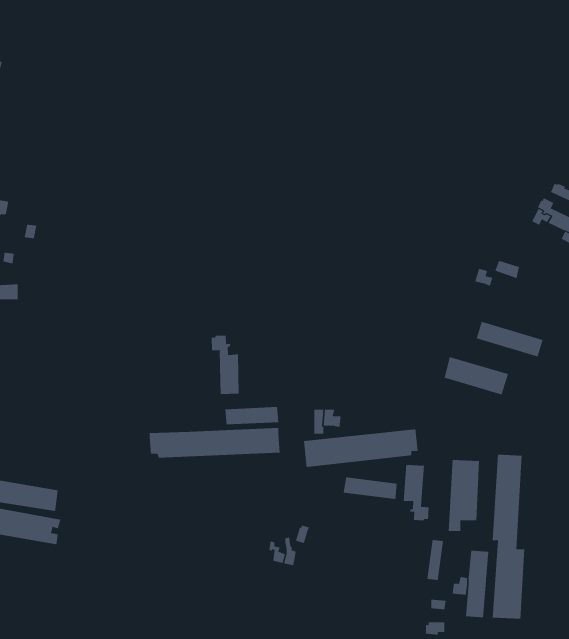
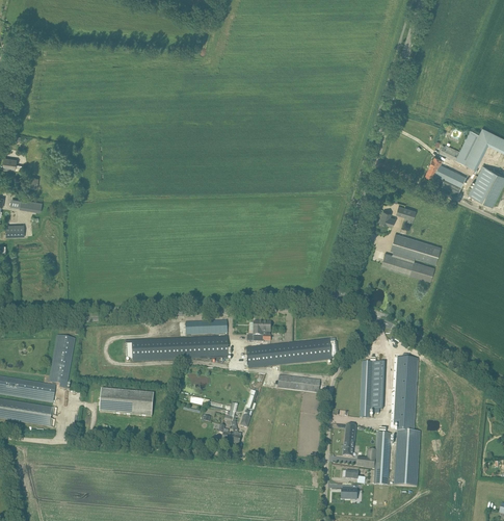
building: [211,335,239,395] -> none
building: [444,357,509,395] -> [390,233,441,263]
building: none -> [49,335,75,388]
building: [403,464,429,521] -> none
building: none -> [100,388,154,416]

